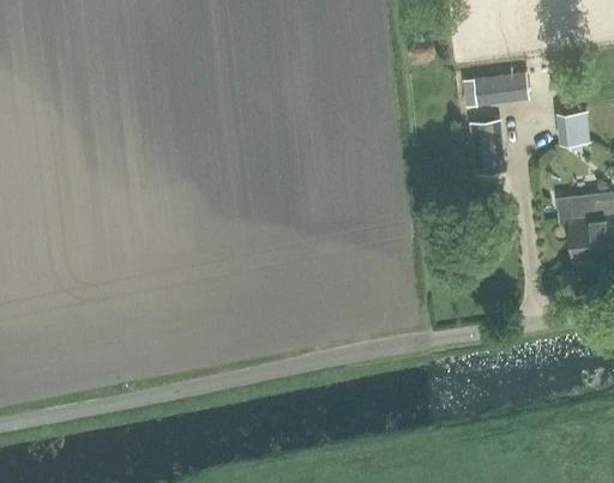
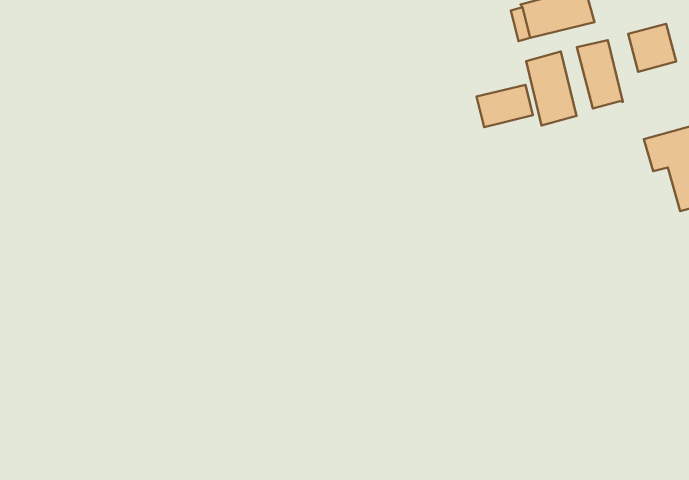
building: none -> [577,40,623,108]
building: none -> [477,85,533,127]

